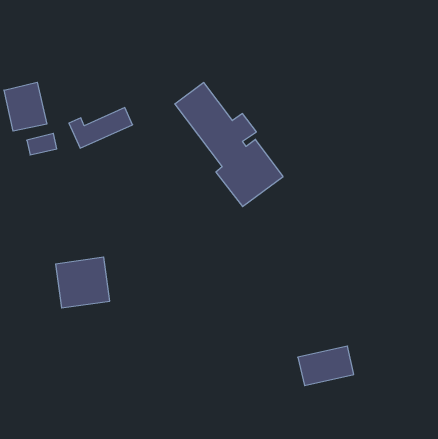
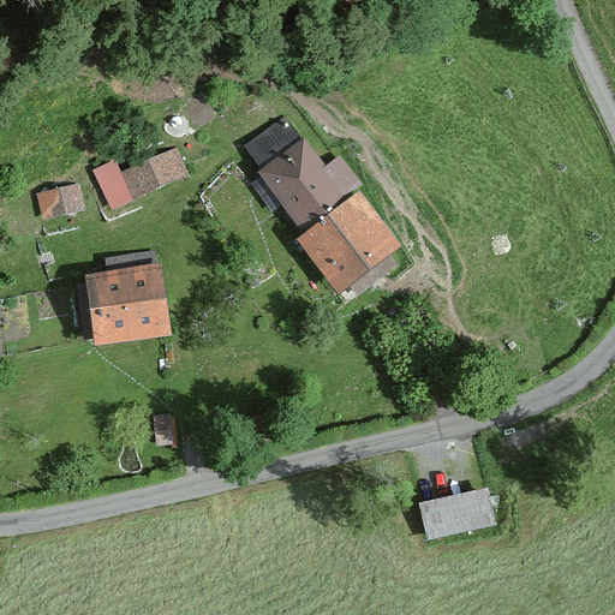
building: [4,82,47,131] -> none
building: [56,257,110,308] -> [88,269,163,340]

